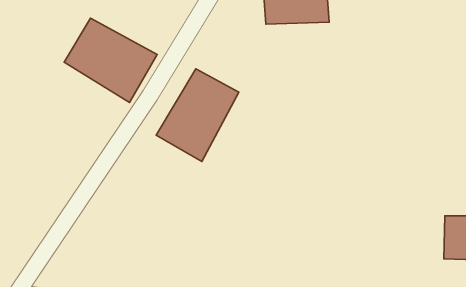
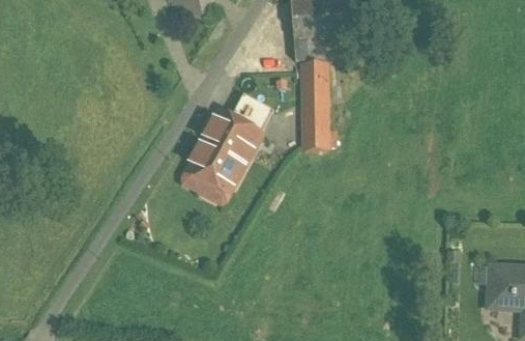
building: [64,18,157,103] -> none
building: none -> [296,59,331,144]

